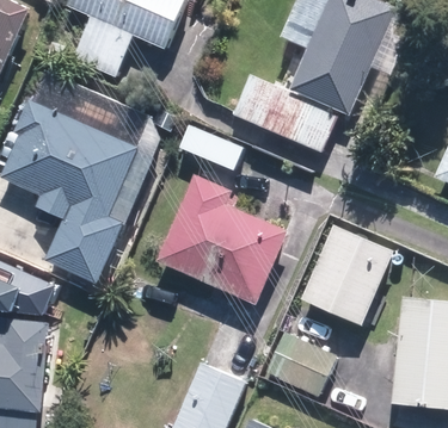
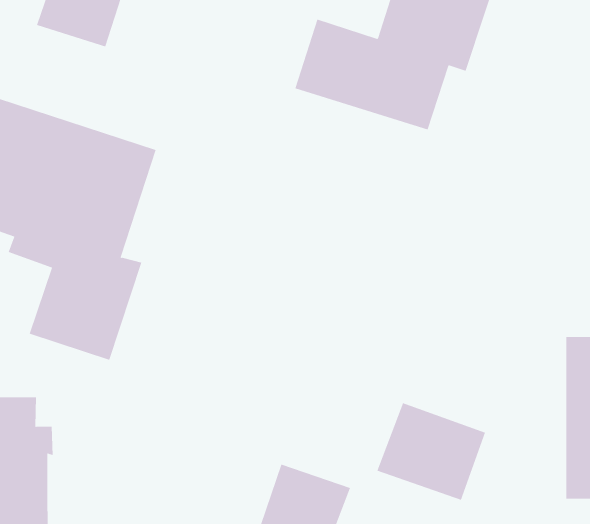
building: [157,174,288,304] -> none
building: [302,224,394,324] -> none

